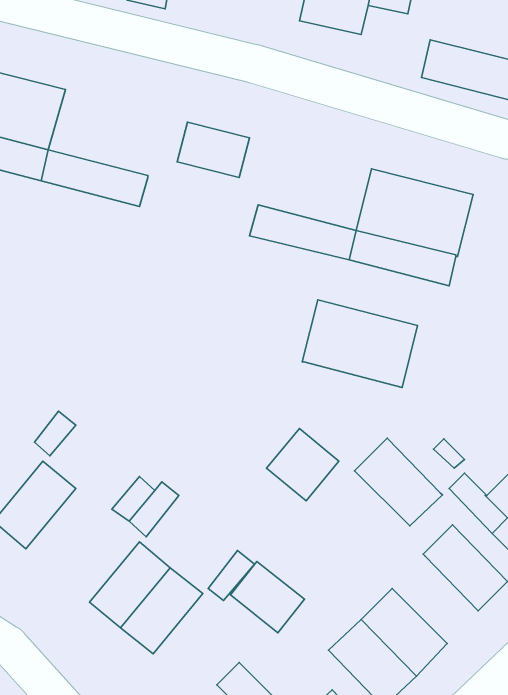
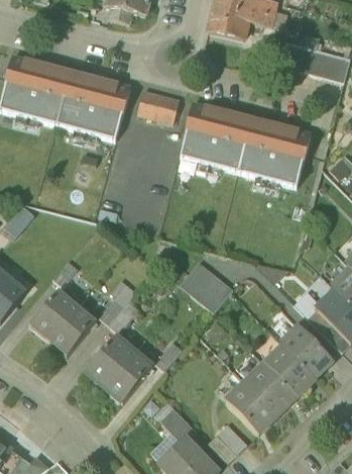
building: none -> [61,70,129,121]
building: [302,300,418,388] -> [183,101,250,153]
building: [355,438,442,526] -> [262,344,314,395]
building: none -> [47,304,96,355]
building: [231,561,304,633] -> none

